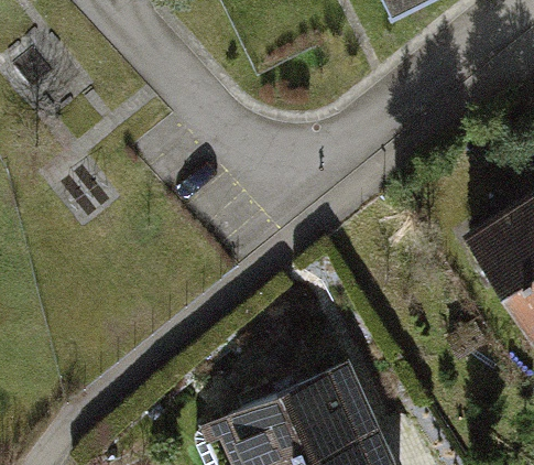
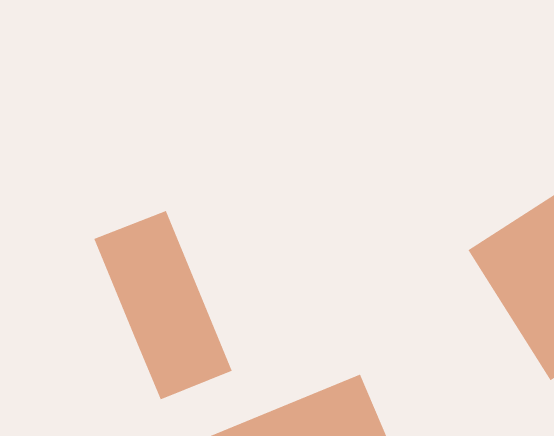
building: none -> [94,210,232,400]

